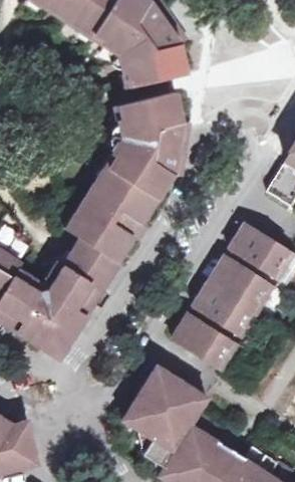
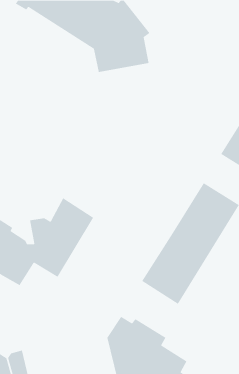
building: [60,94,183,261] -> none
building: [29,316,74,362] -> none

